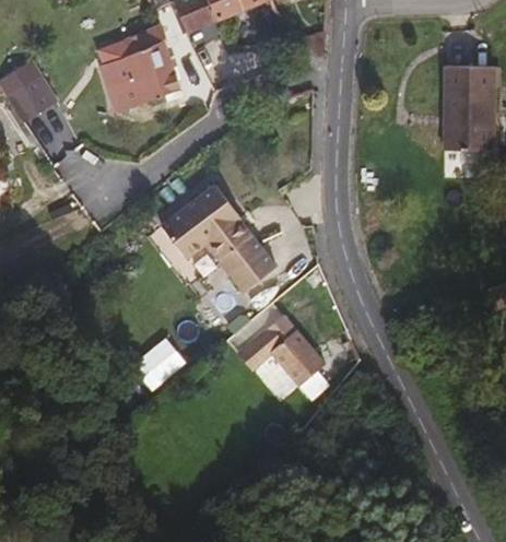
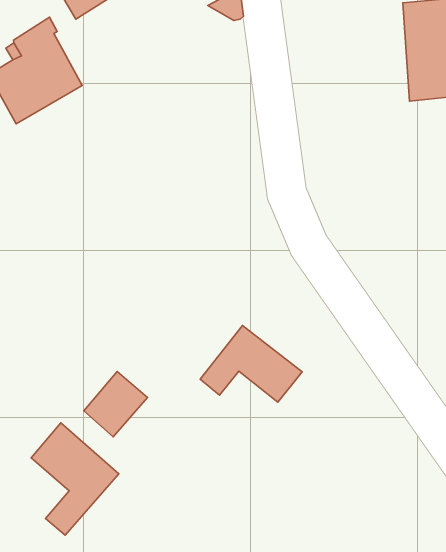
building: [162,181,273,288] -> none
building: none -> [31,423,119,535]

